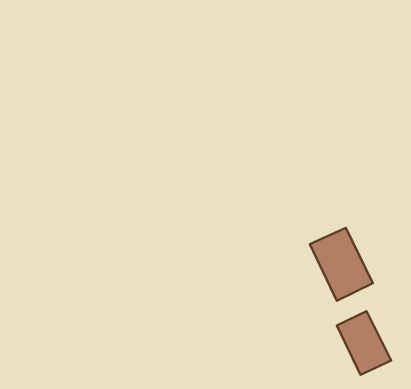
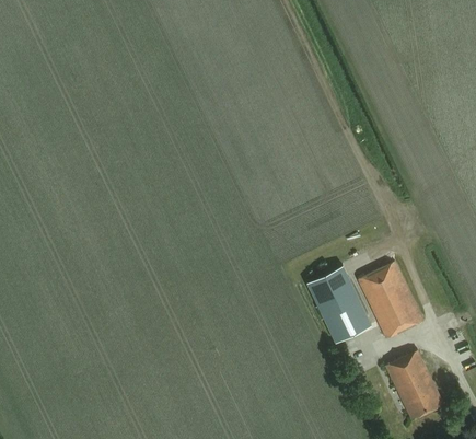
building: none -> [306,266,371,343]

